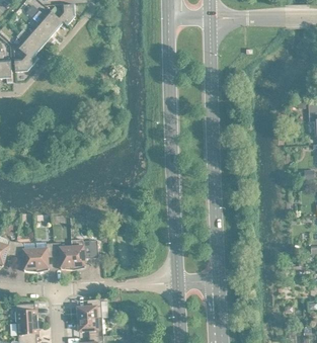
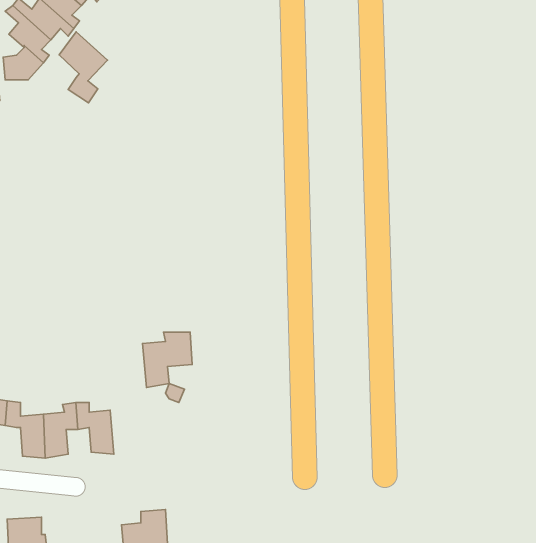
building: none -> [59,32,107,103]
building: [70,240,96,269] -> [143,332,192,387]

